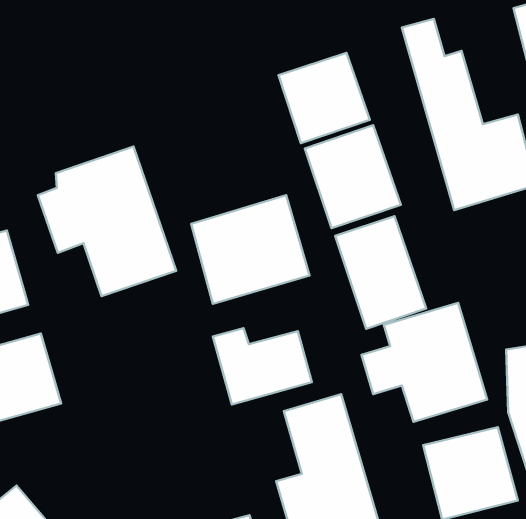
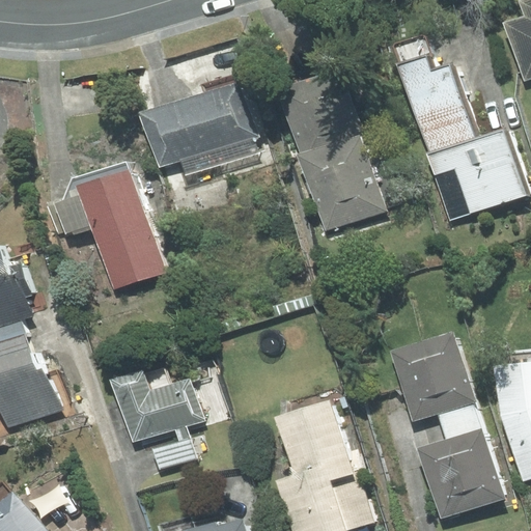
building: none -> [140,84,262,170]
building: [191,195,310,304] -> none
building: [335,216,426,329] -> none
building: [213,328,312,405] -> [111,373,207,448]

